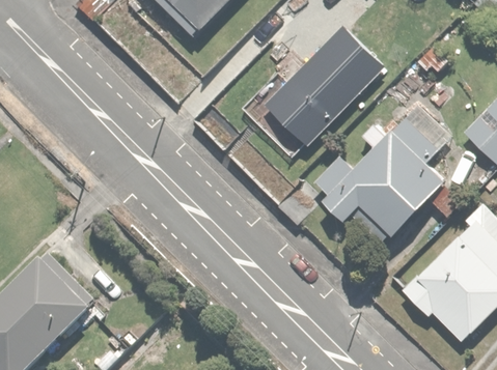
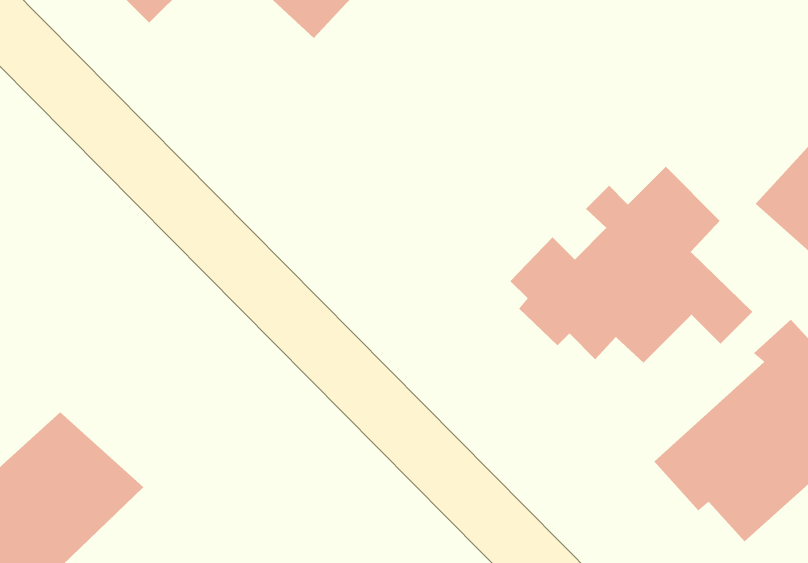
building: [268,28,383,142] -> none

